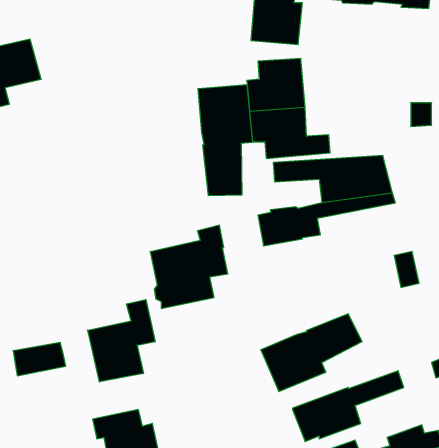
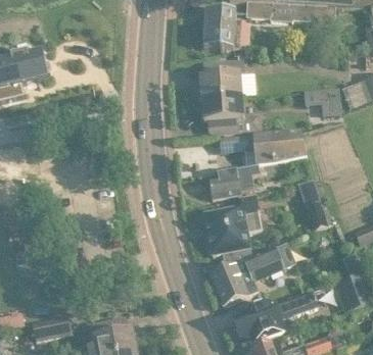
building: [198,85,252,196] -> none
building: [150,225,228,309] -> [203,194,261,255]
building: [88,300,155,382] -> none
building: [13,342,66,376] -> [32,315,71,340]

